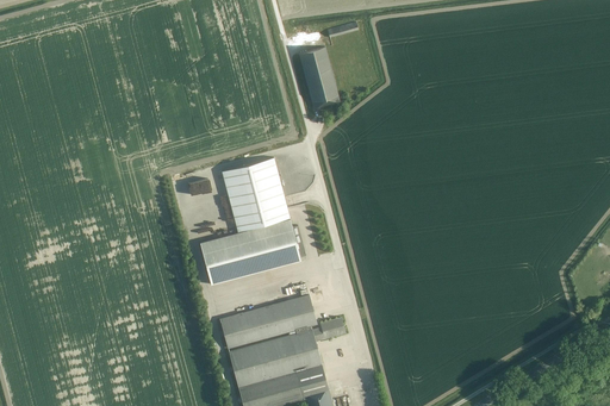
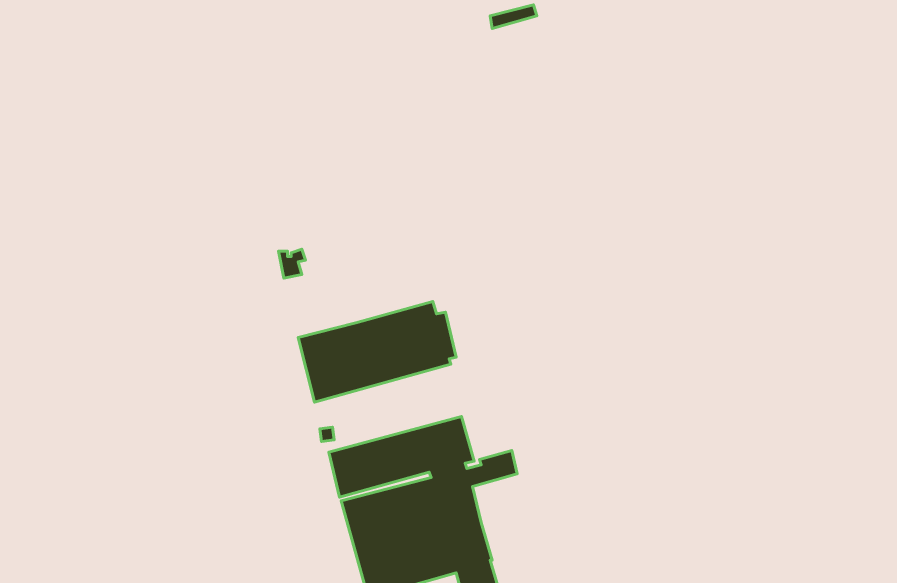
building: [298,45,338,107] -> none
building: [220,157,288,232] -> none

